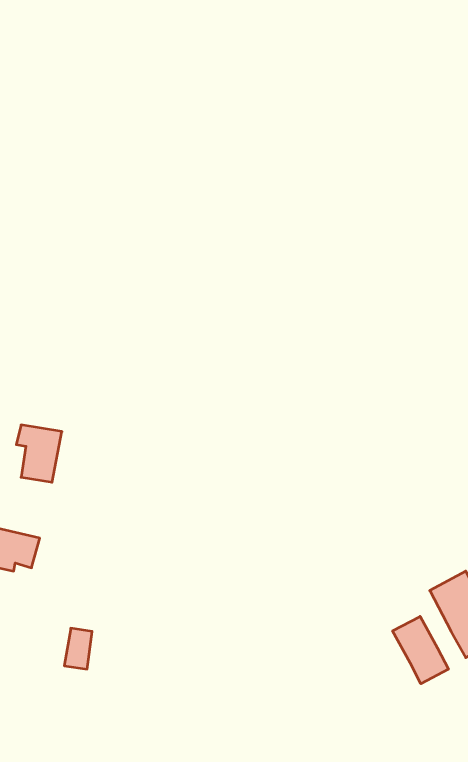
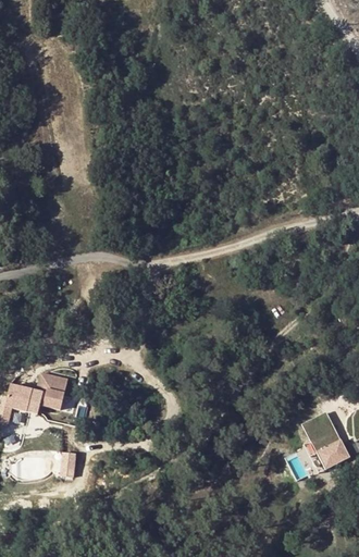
building: [16,425,62,482] -> [36,372,66,410]
building: [393,616,448,684] -> none

